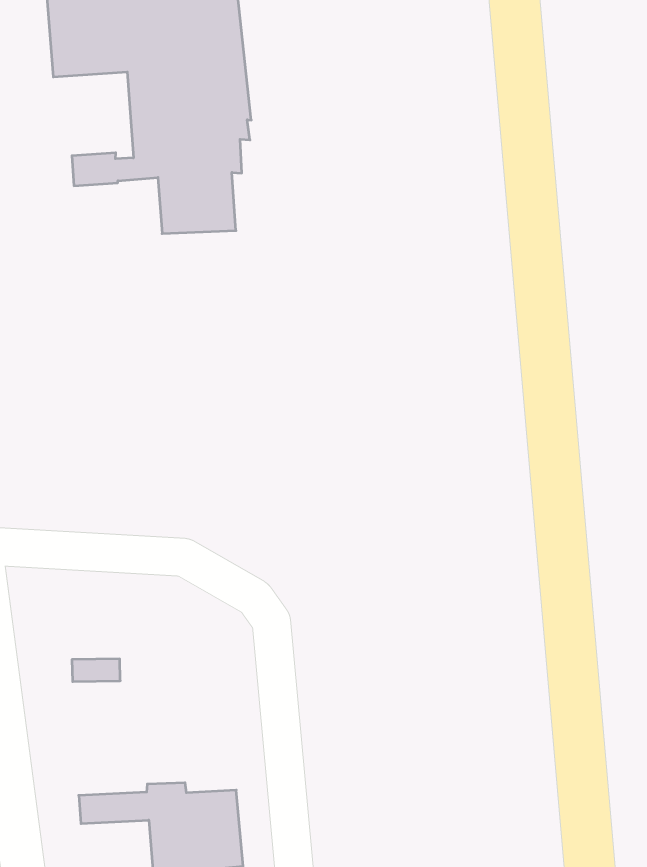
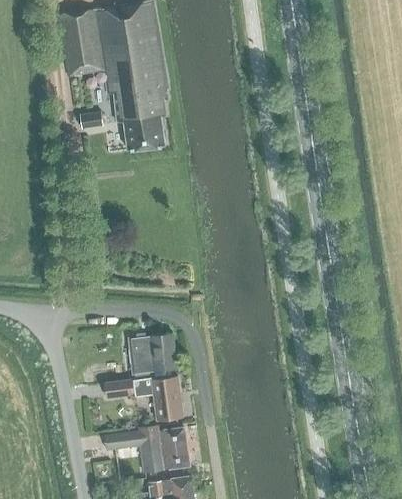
building: none -> [130,333,177,374]
building: none -> [105,376,183,421]

